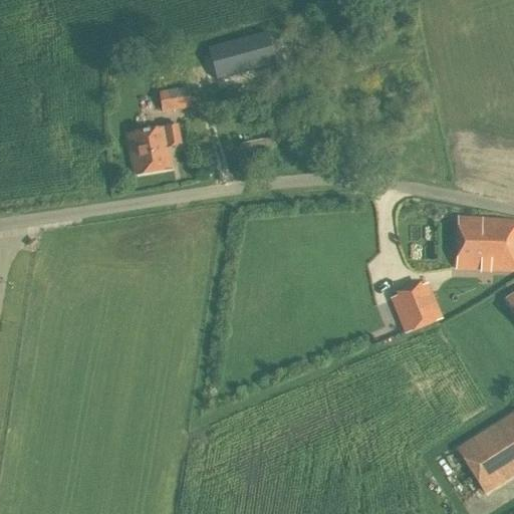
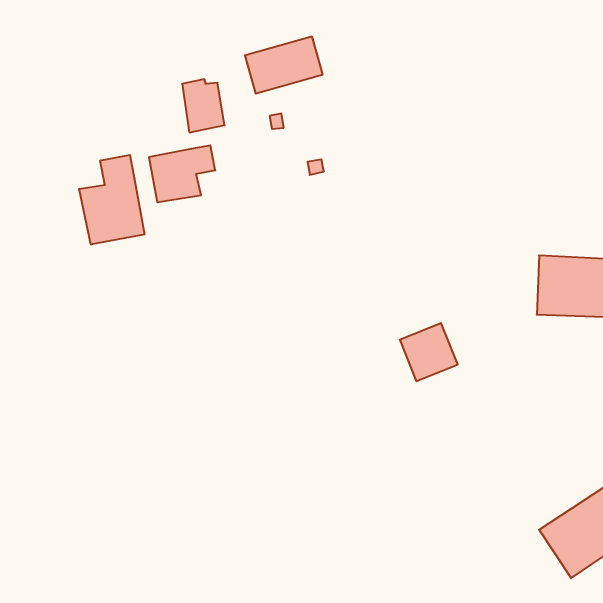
building: none -> [79,155,144,245]
building: [393,283,442,332] -> [400,323,458,381]

